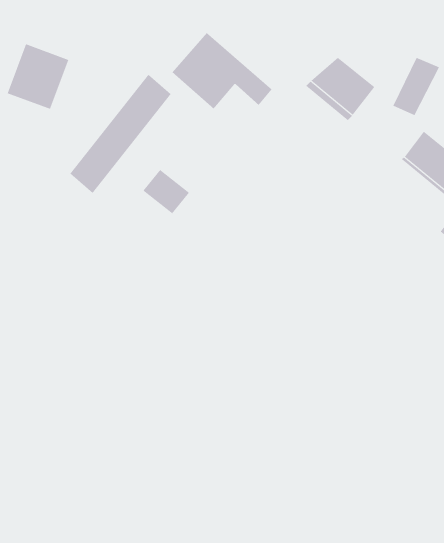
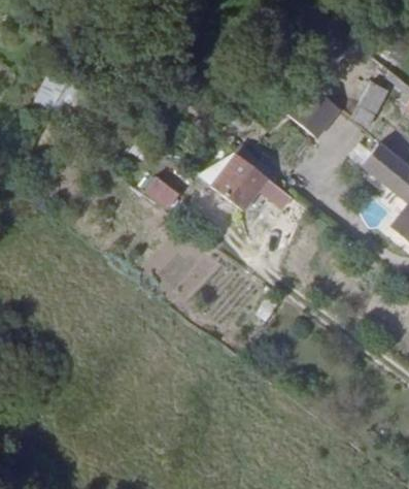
building: [172,32,272,109] -> [212,151,296,215]
building: [69,74,172,194] -> none

